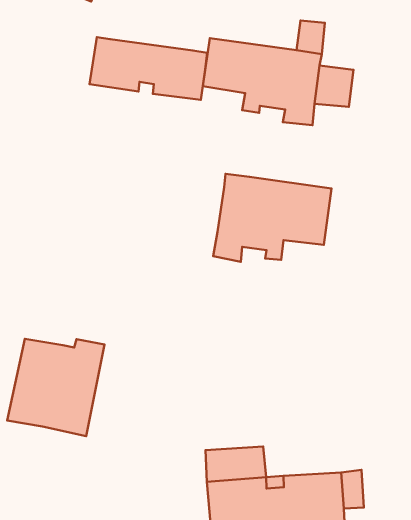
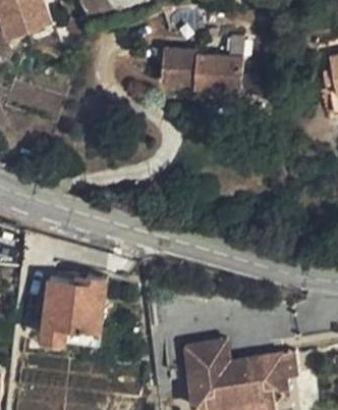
building: [90,37,207,100] -> none
building: [213,174,331,262] -> none

